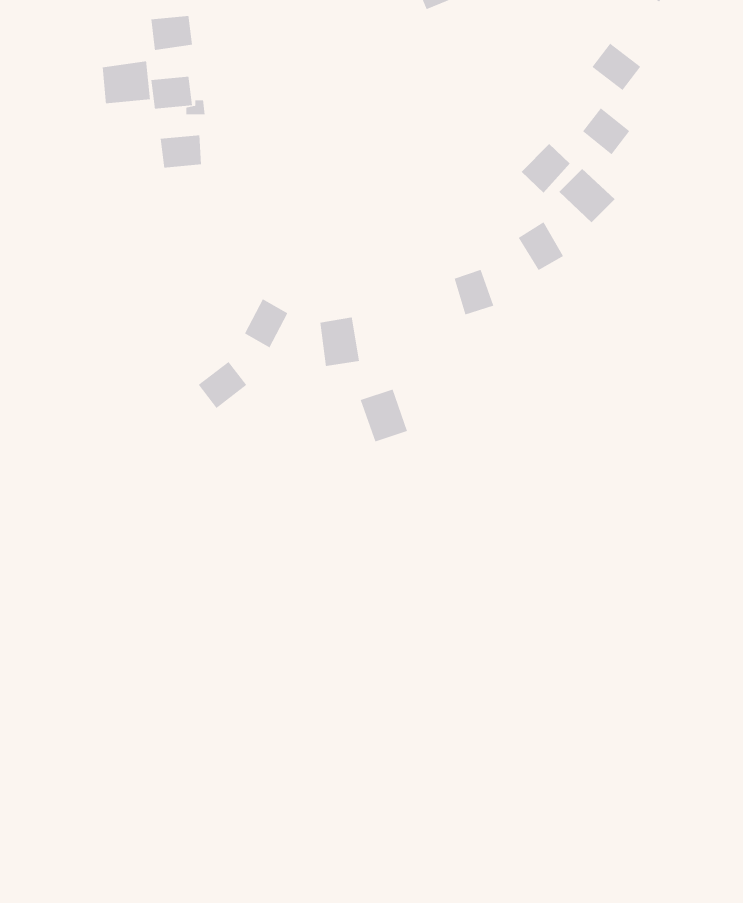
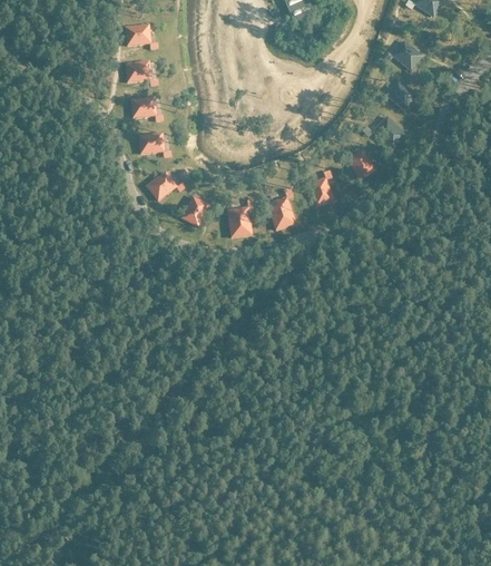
building: [102,61,150,104] -> none
building: [521,143,571,193] -> none
building: none -> [139,133,165,154]
building: [198,361,247,409] -> [147,172,177,201]
building: [360,389,408,442] -> [267,197,296,230]

